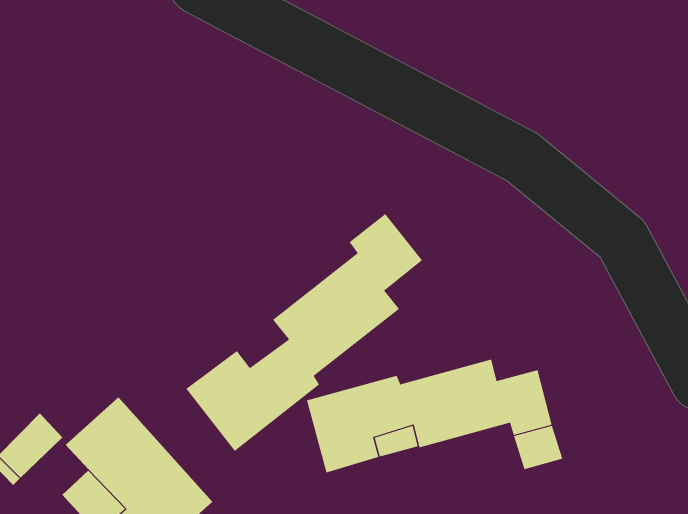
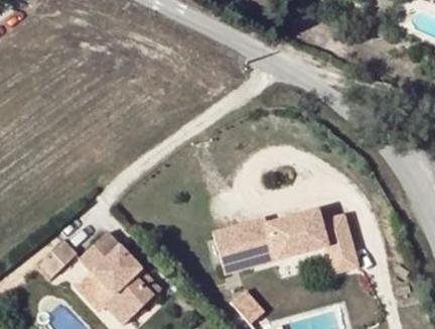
building: [185,213,423,452] -> none

